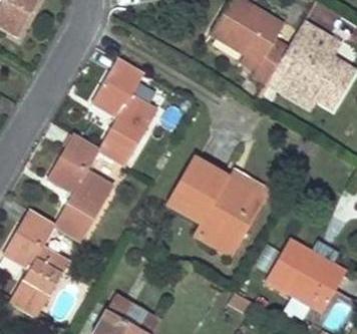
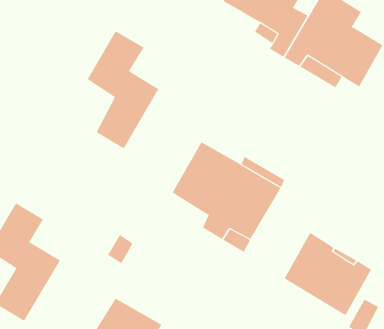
building: [48,134,113,240] -> none

